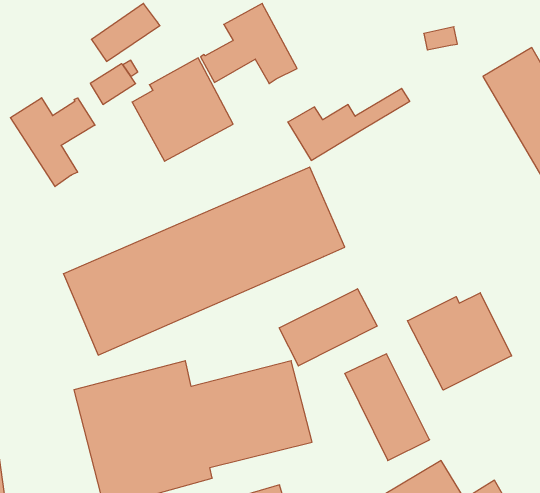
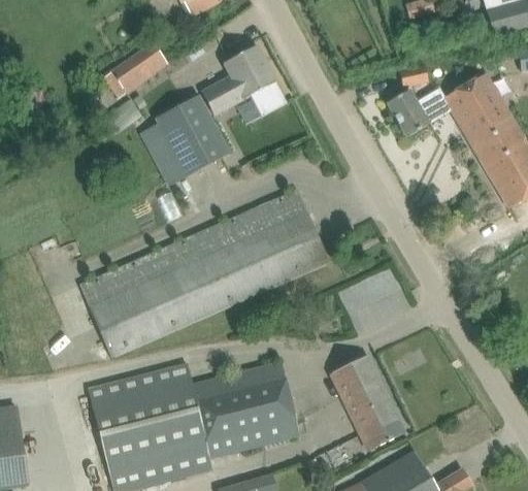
building: [288,88,410,160] -> [387,73,495,137]
building: [10,98,95,187] -> none
building: [279,289,377,366] -> none
building: [407,293,512,390] -> none

